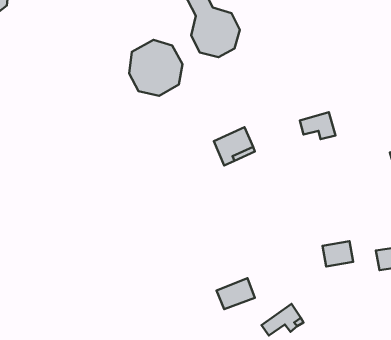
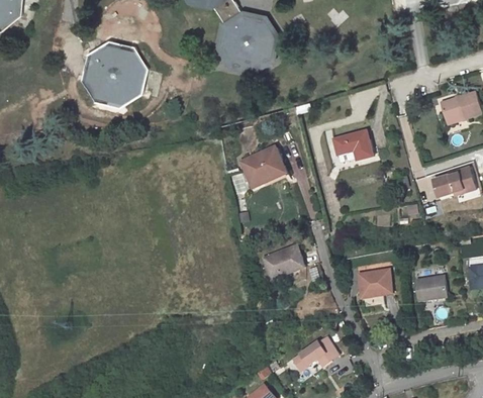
building: [129,40,182,96] -> [85,42,142,103]
building: [217,278,255,309] -> [264,245,305,279]

